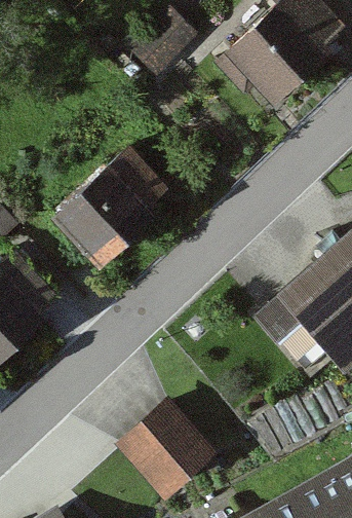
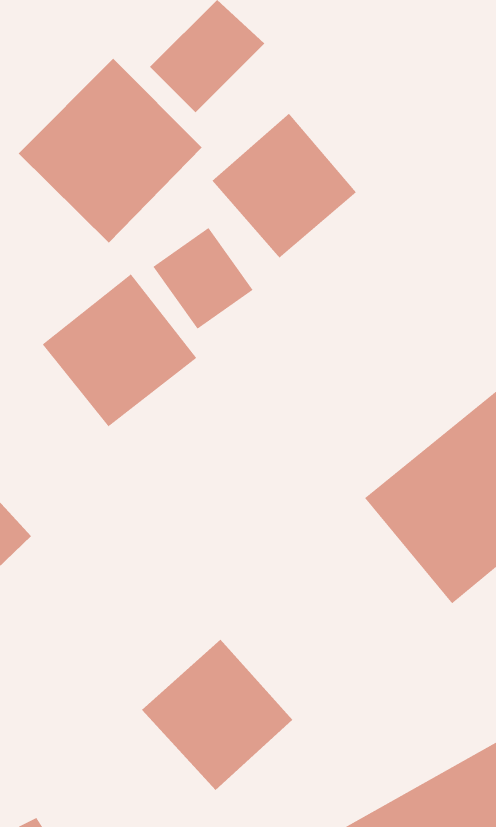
building: [234,12,324,103] -> [211,113,357,258]
building: none -> [18,58,202,243]

